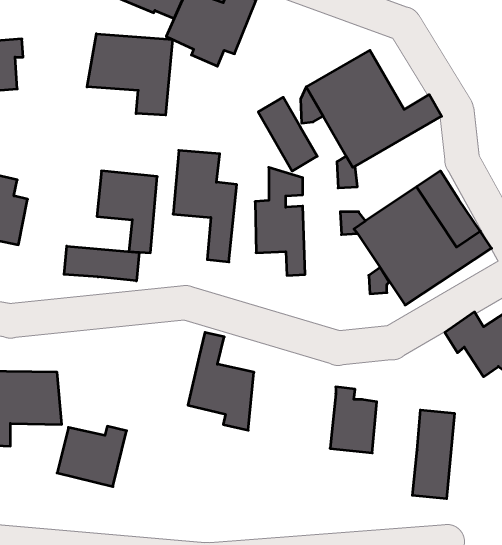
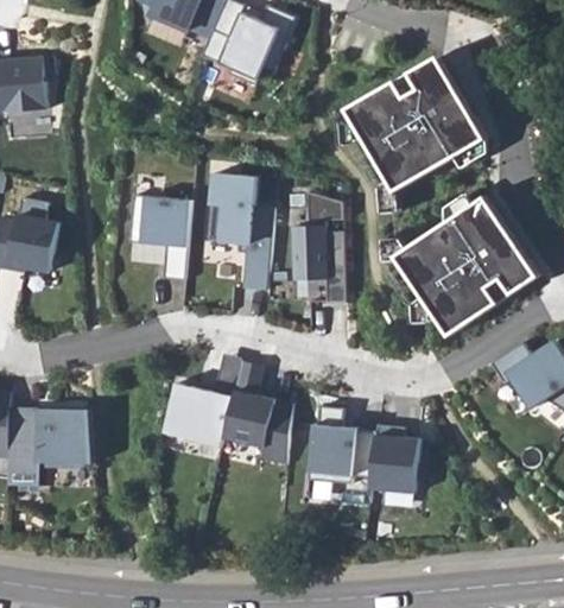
building: [87,34,172,115] -> none
building: [258,97,317,171] -> [412,55,474,132]
building: [64,246,139,281] -> none
building: none -> [308,404,376,481]
building: [412,410,454,499] -> none
building: [57,426,127,487] -> [161,385,234,448]

